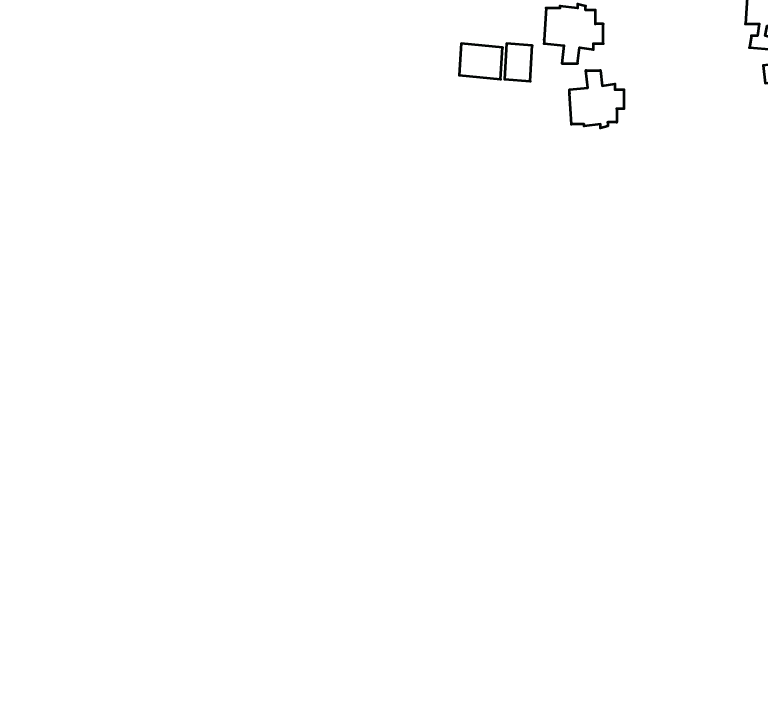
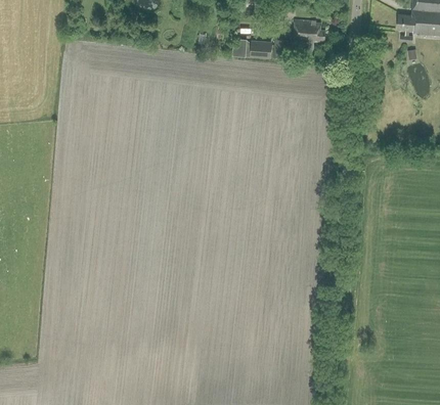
building: [570,70,624,128] -> none

